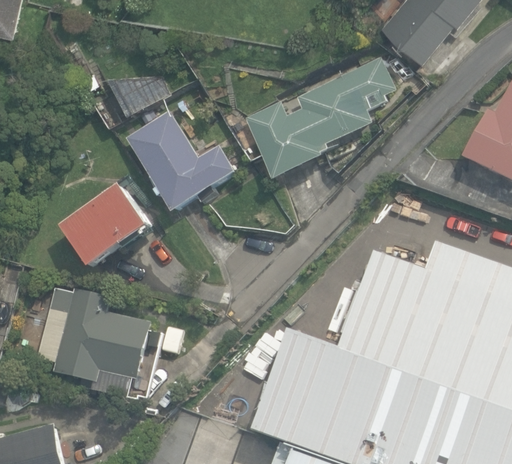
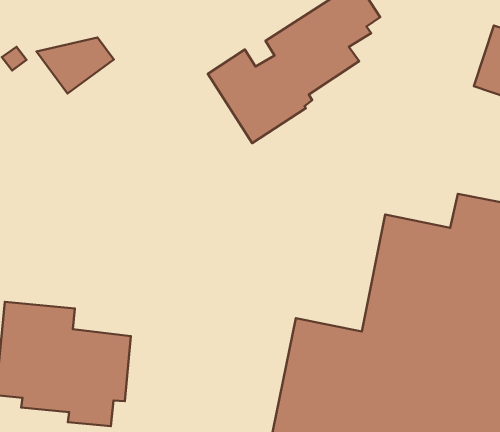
building: [126,111,234,211] -> none
building: [62,185,149,268] -> none

